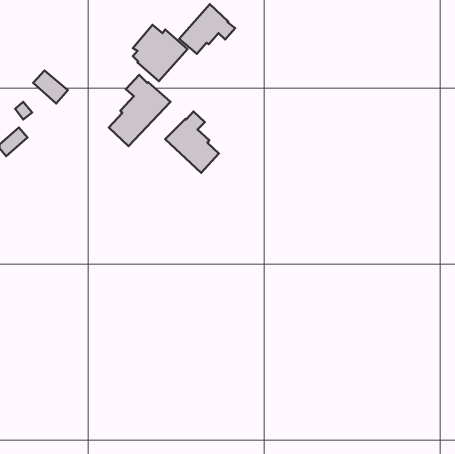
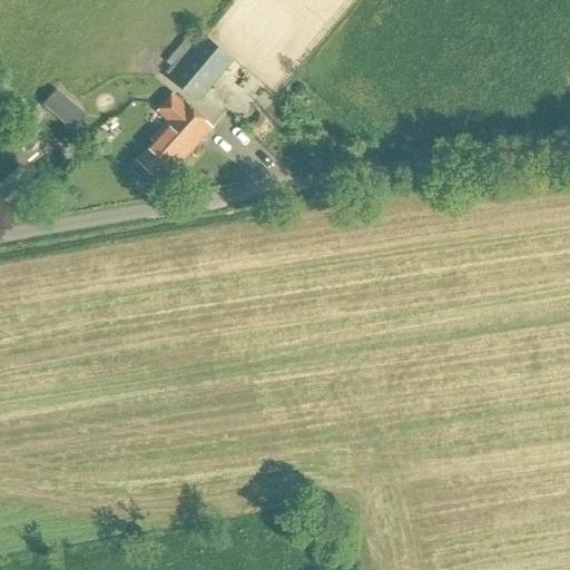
building: [179,4,235,54] -> none
building: [165,111,219,173] -> none

